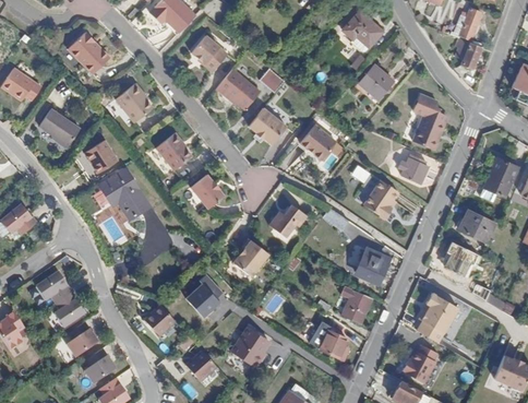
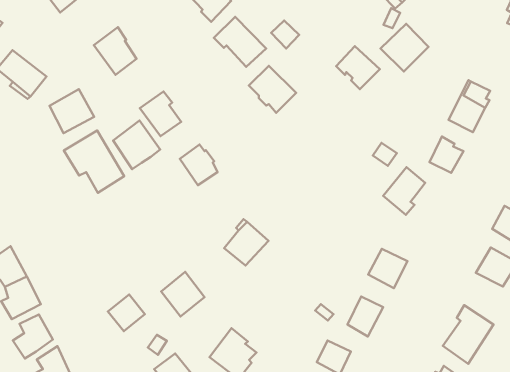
building: [300,126,336,161] -> [336,46,380,89]
building: none -> [113,121,160,169]
building: [275,204,308,234] -> none

